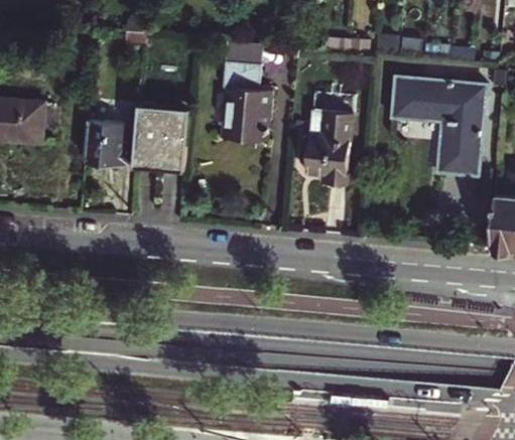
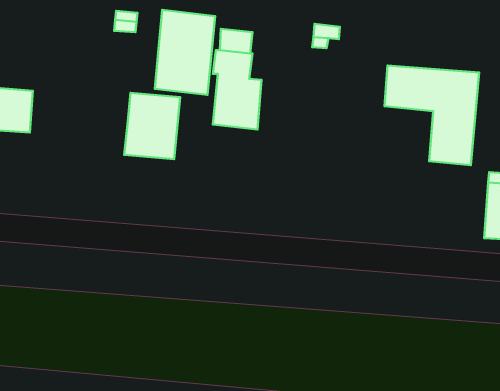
building: none -> [155,10,215,95]
building: [306,108,351,181] -> none
building: [84,119,137,164] -> none

